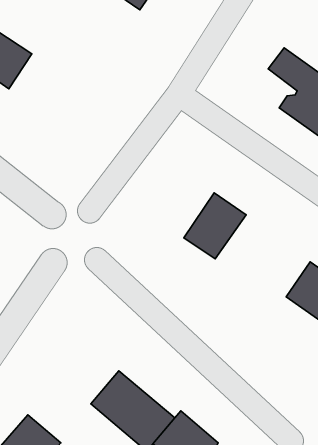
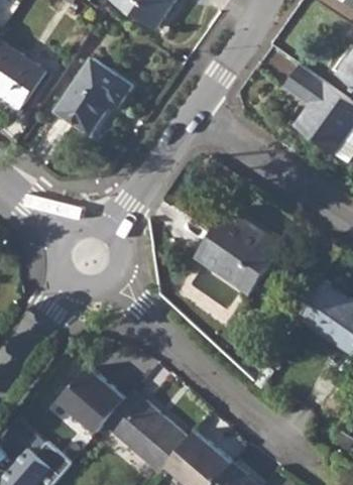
building: none -> [53,58,130,135]
building: none -> [228,234,281,293]
building: none -> [58,366,125,433]

